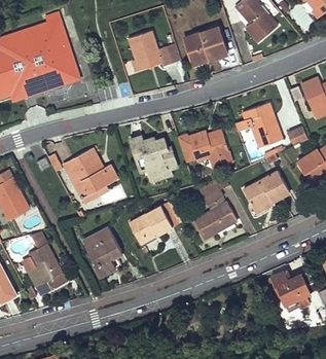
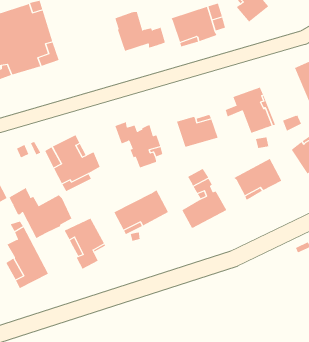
building: none -> [9,187,72,239]
building: [273,272,309,310] -> none

